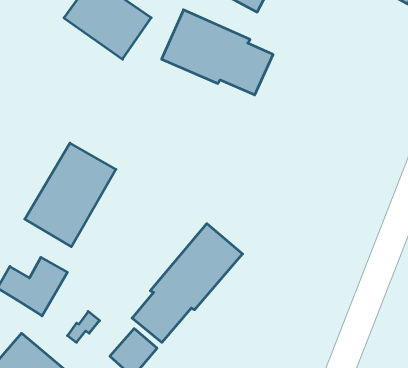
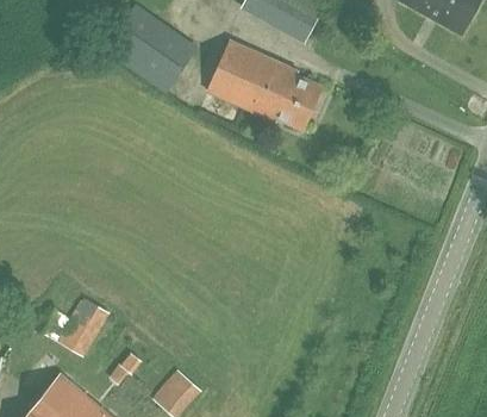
building: [25,143,116,247] -> none
building: [132,224,243,342] -> none

